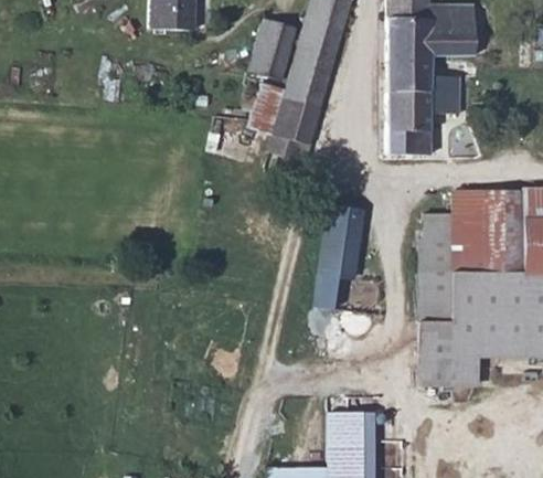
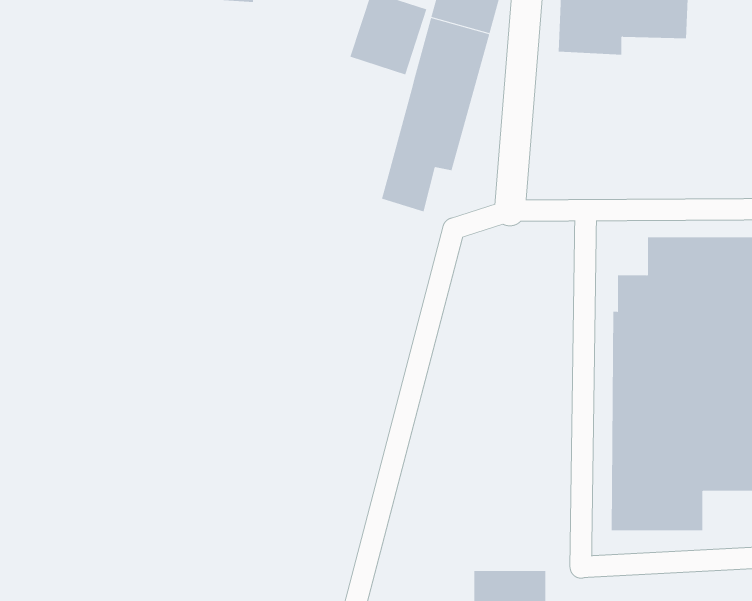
building: [381,65,457,162] -> none
building: [244,84,287,148] -> none
building: [313,203,370,309] -> none

